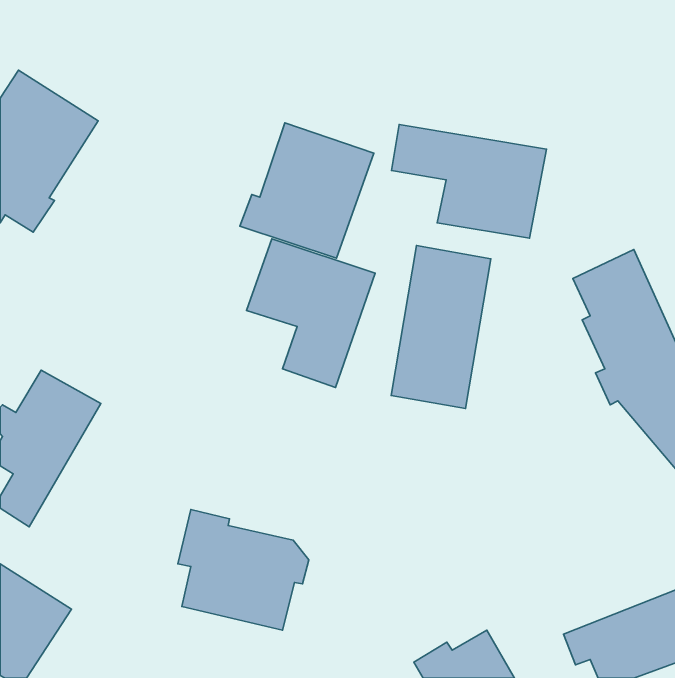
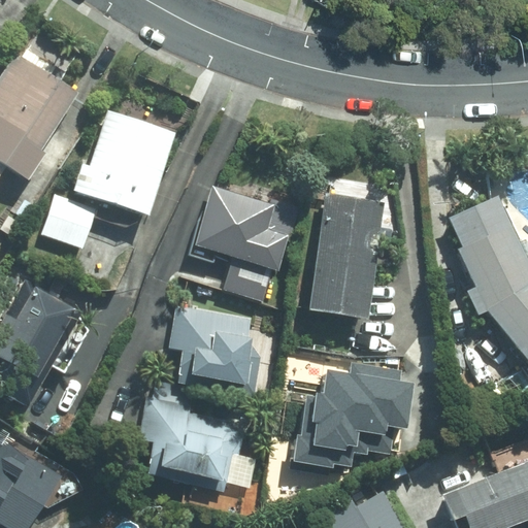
building: [240,123,374,258] -> [73,111,177,217]
building: [392,125,546,238] -> none
building: none -> [43,201,94,249]
building: none -> [168,305,261,396]
building: none -> [292,365,417,471]

